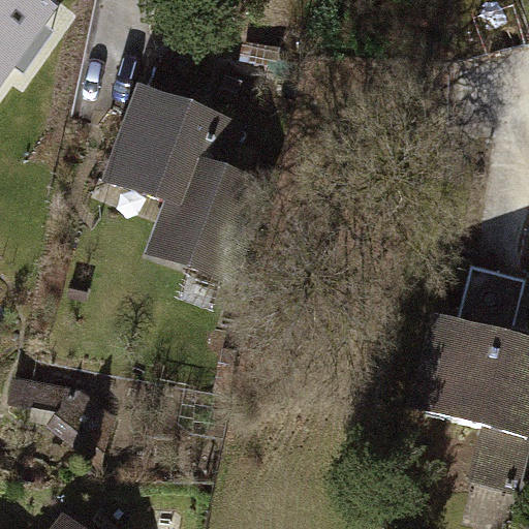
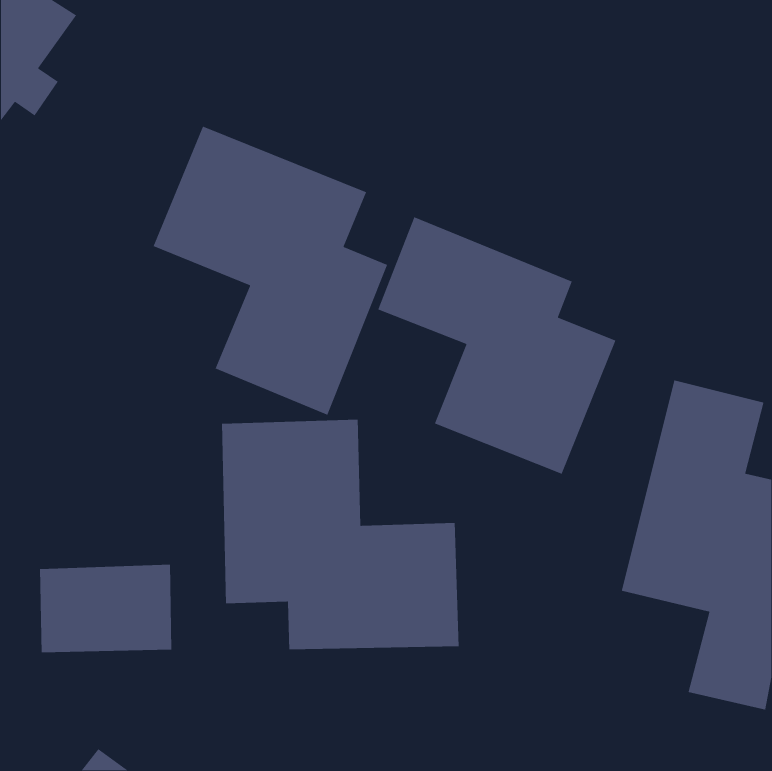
building: none -> [377,216,617,475]
building: none -> [221,419,459,650]

